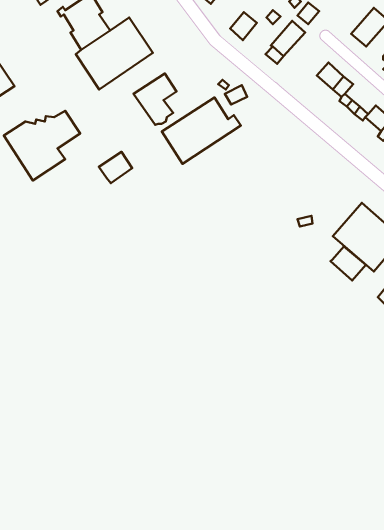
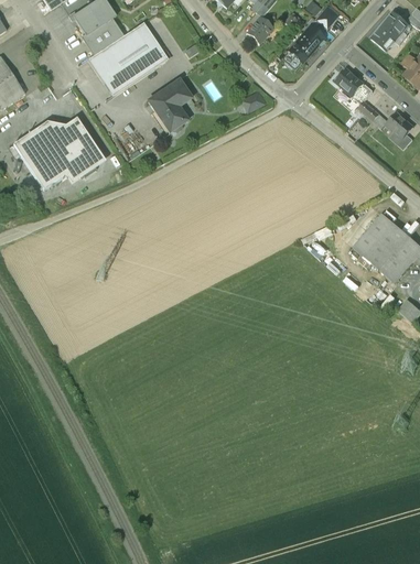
building: [162,98,241,164] -> none
building: [99,152,132,183] -> [68,141,103,173]
building: [330,247,366,281] -> none

